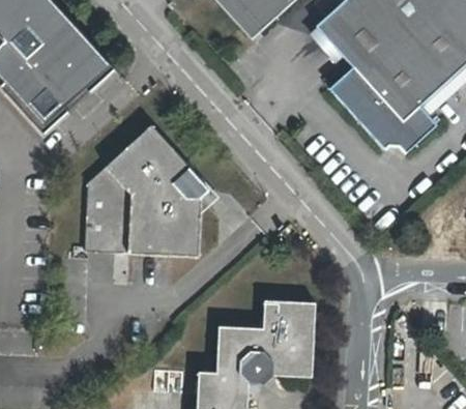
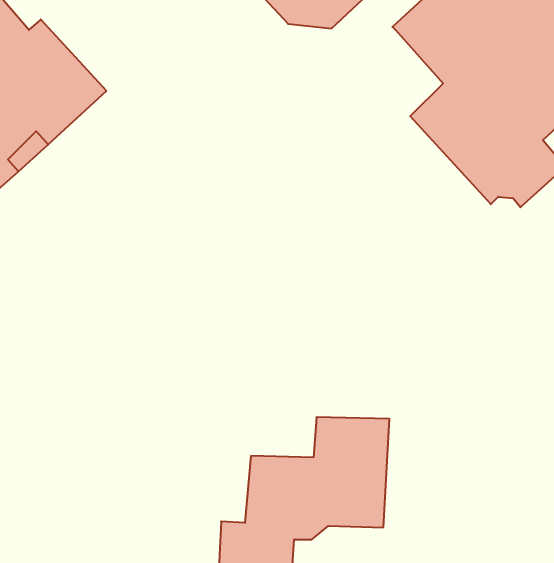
building: [86,124,209,254] -> none

